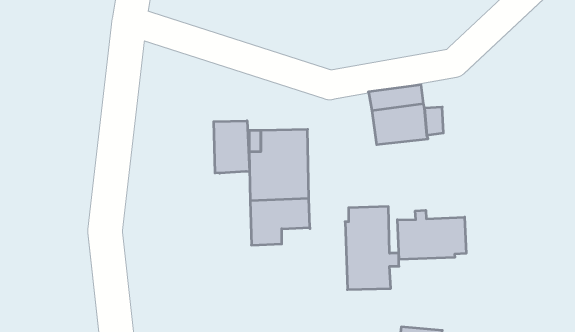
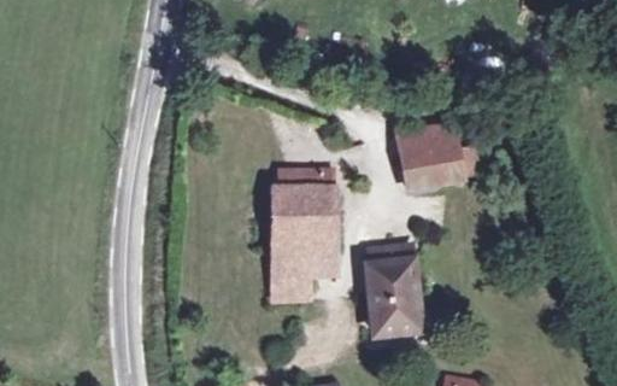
building: [214,121,250,173] -> none
building: [397,210,466,259] -> none

